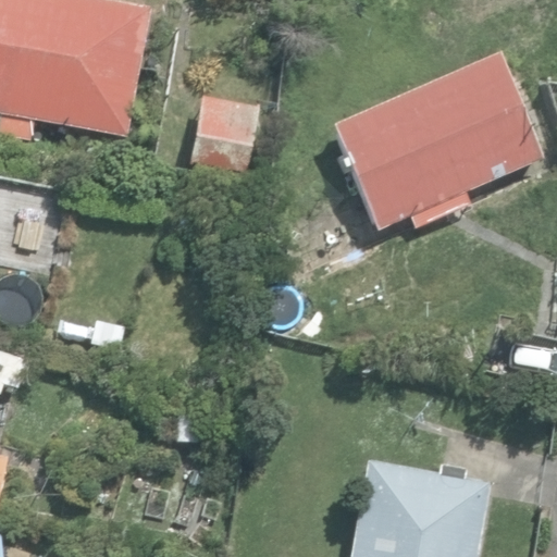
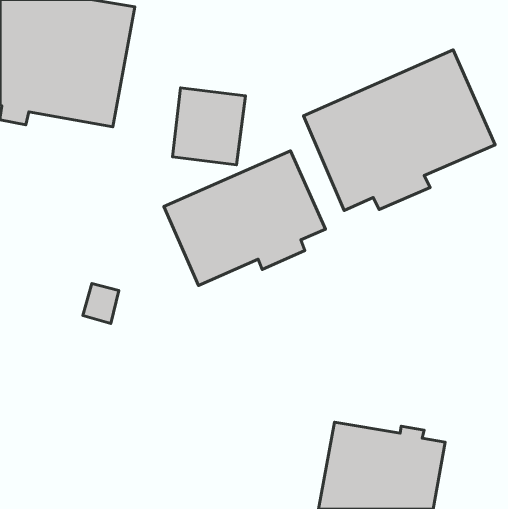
building: none -> [164,151,326,286]

